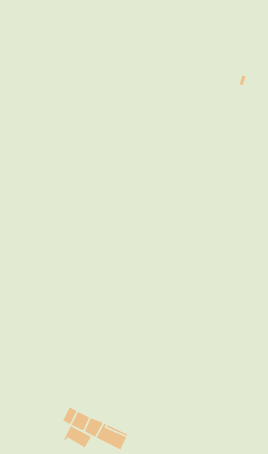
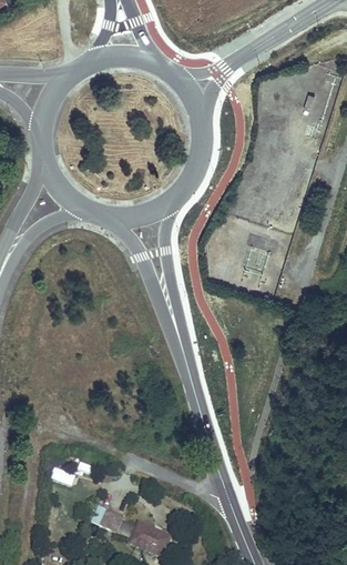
building: [63,425,92,449] -> none

